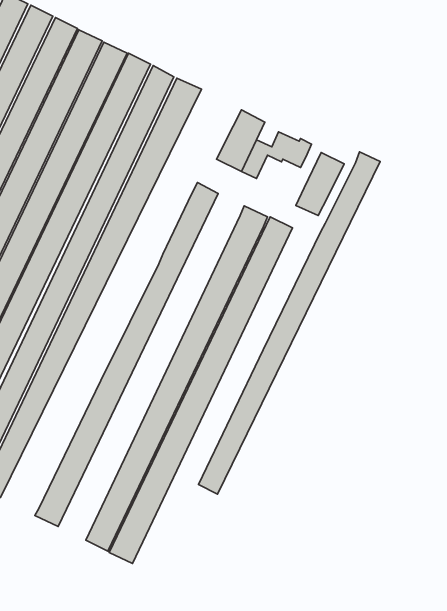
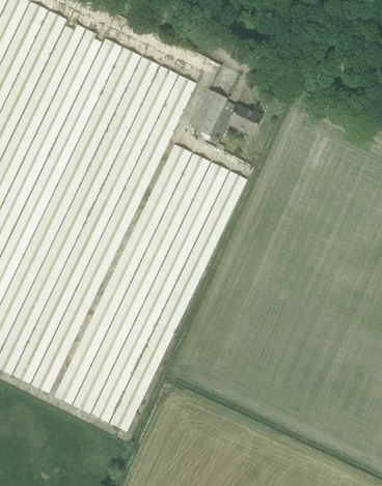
building: none -> [31,75,196,392]
building: [198,152,380,494] -> [73,153,210,411]
building: [296,153,344,215] -> none

